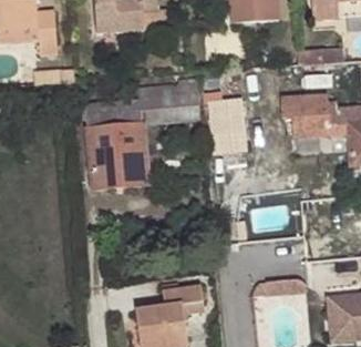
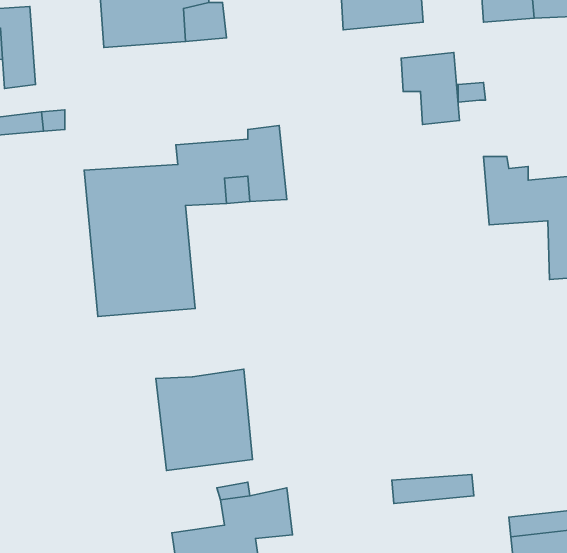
building: [282,95,316,136] -> [401,52,460,125]
building: [212,114,246,152] -> none
building: none -> [156,369,252,470]

